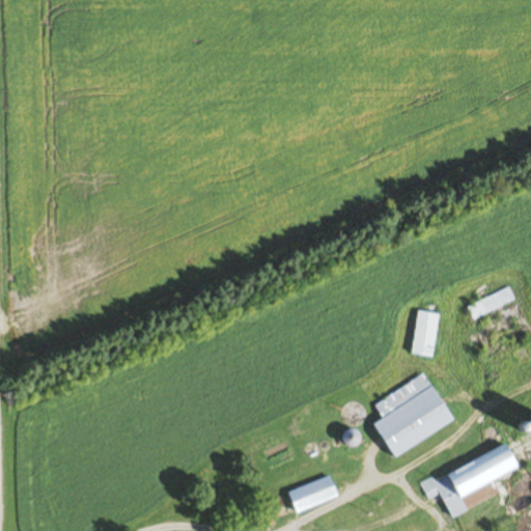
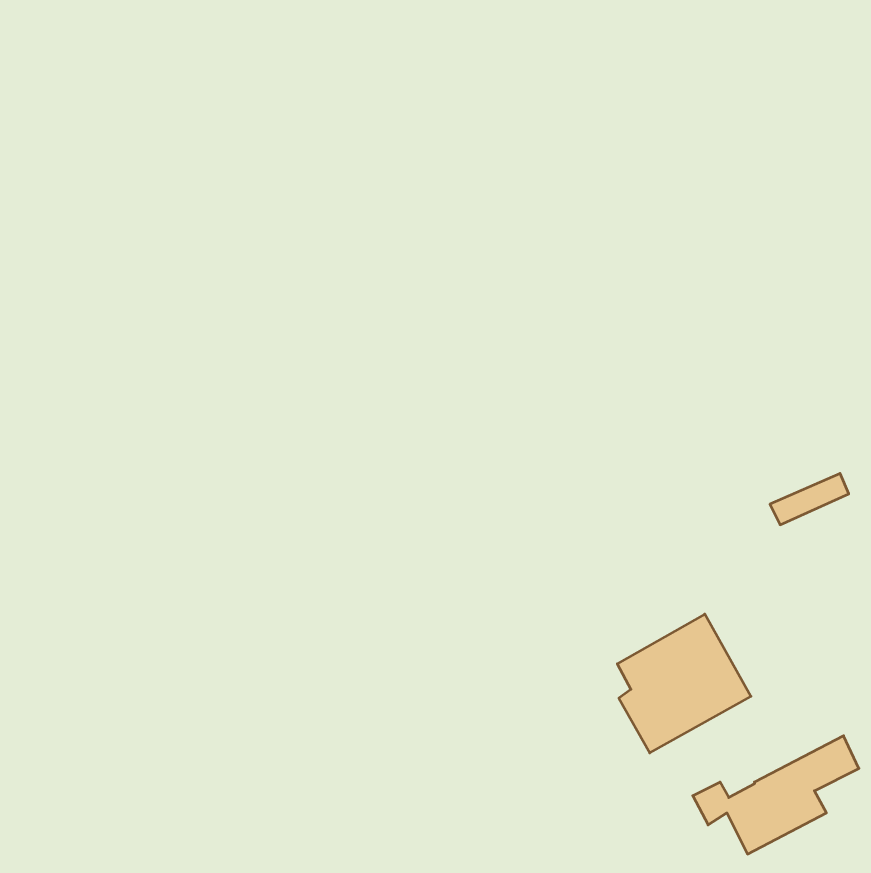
building: [412,309,439,355] -> none
building: [288,478,336,511] -> none

